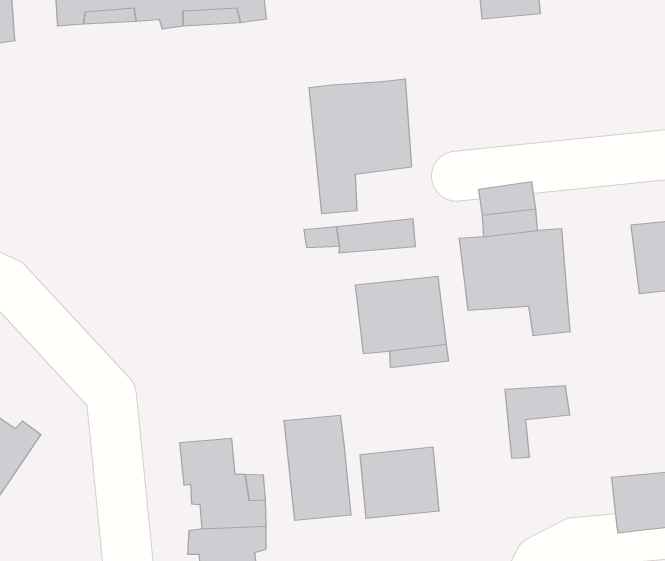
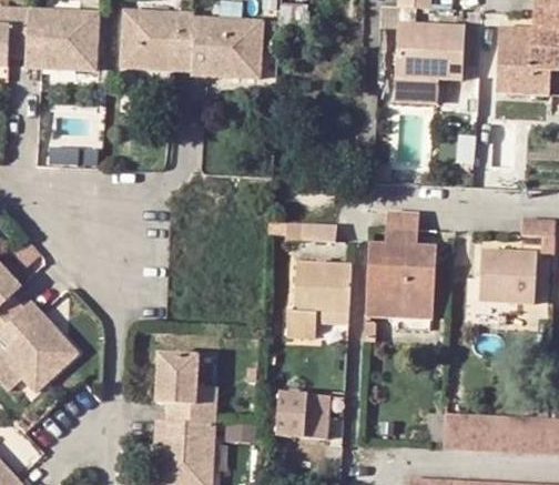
building: [309,79,411,214] -> none
building: [505,386,570,458] -> [365,292,408,340]
building: [284,415,351,520] -> none

